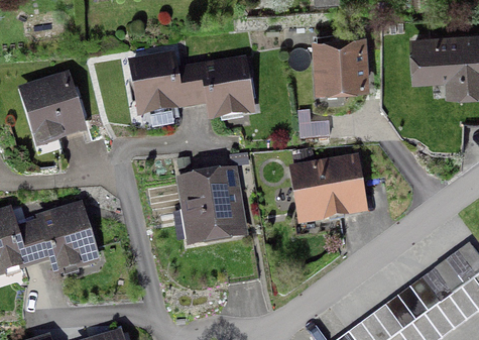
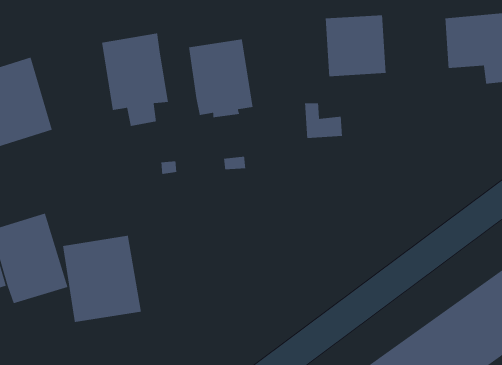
building: [177,64,207,110] -> none
building: [293,159,363,222] -> none
building: [179,171,246,244] -> [62,235,142,323]

